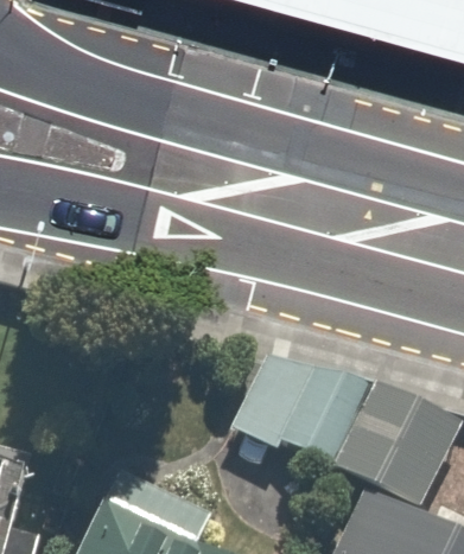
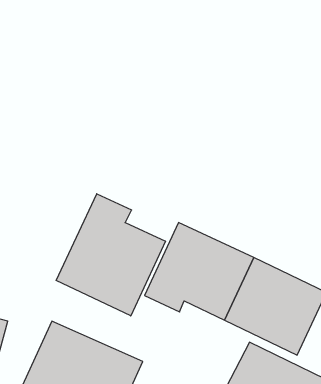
building: none -> [56,194,165,316]

